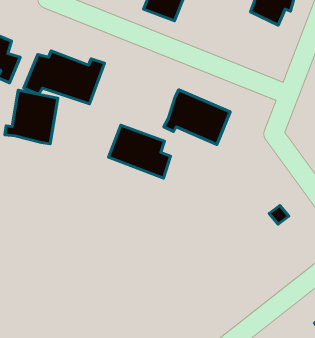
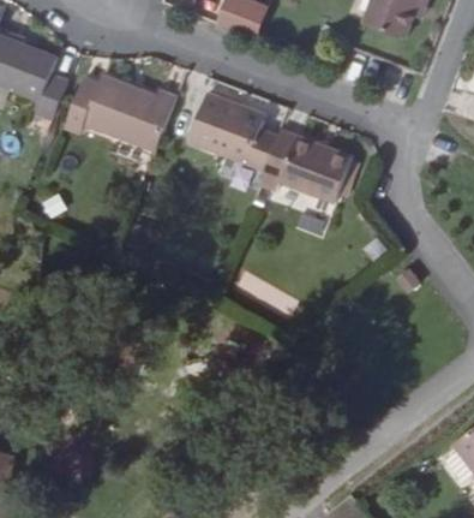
building: [5,90,58,144] -> none
building: [109,125,171,178] -> [184,97,268,169]

